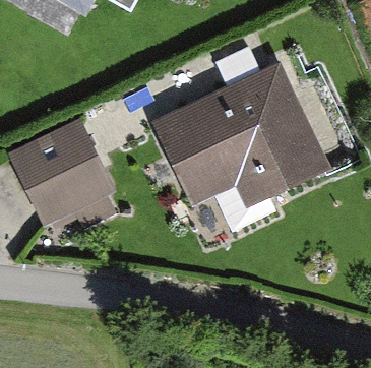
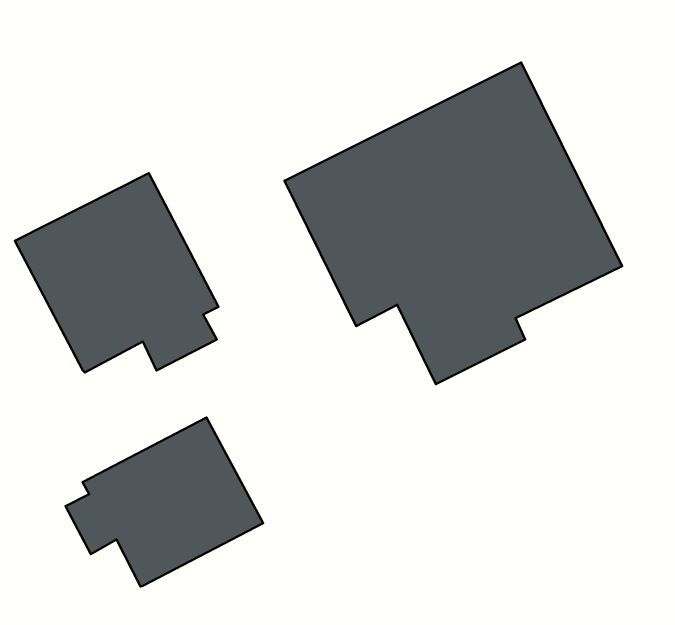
building: none -> [65,418,263,586]

